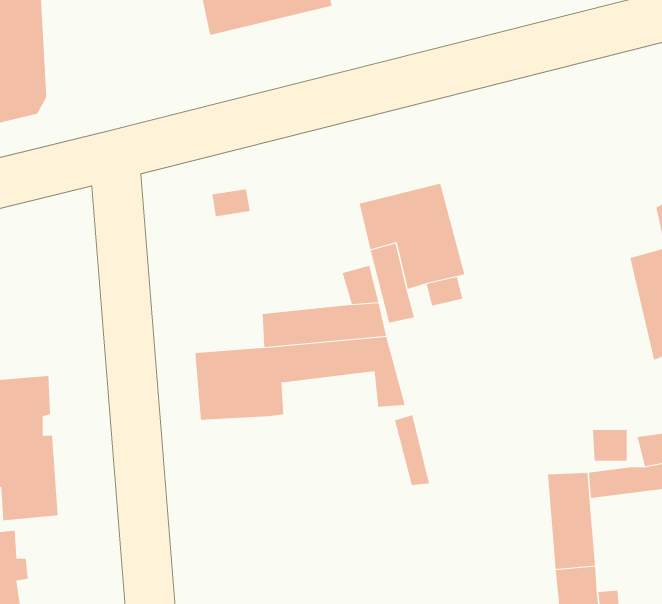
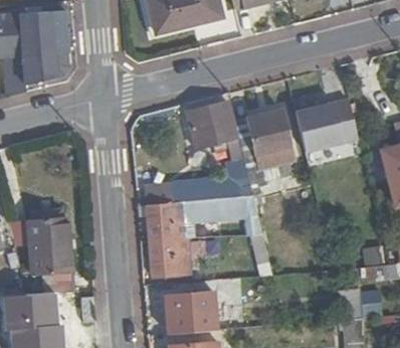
building: none -> [295,100,358,152]
building: none -> [187,103,240,154]
building: none -> [151,237,190,275]
building: none -> [168,292,218,332]

